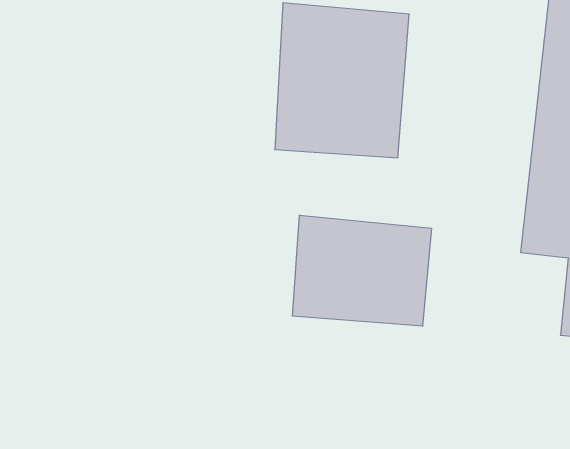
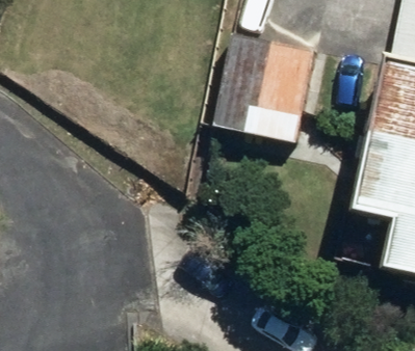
building: [293,215,431,326] -> none

